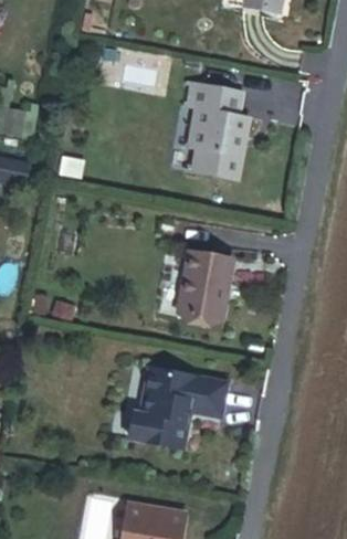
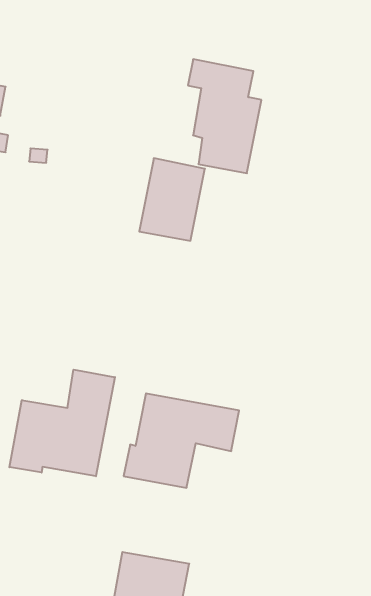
building: [177,256,232,326] -> [139,158,205,241]
building: none -> [9,370,115,476]

